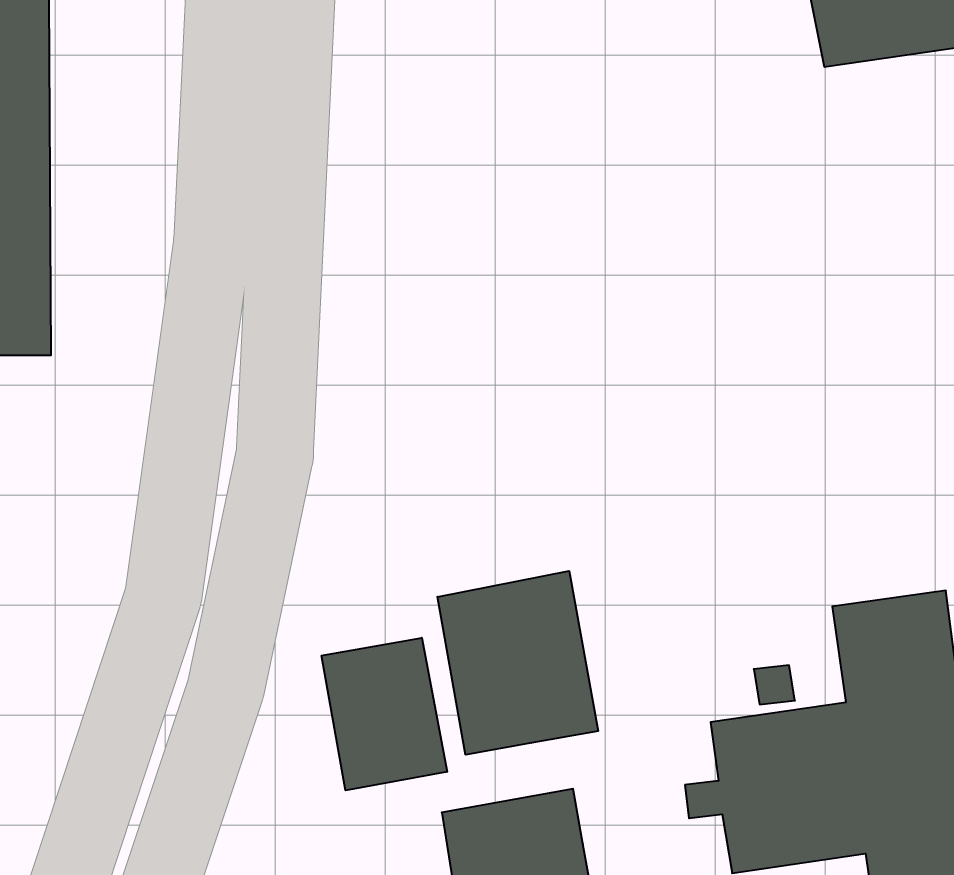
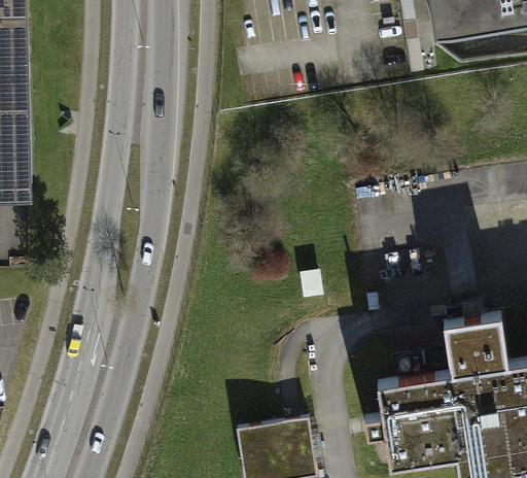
building: [437,571,598,755] -> none
building: [322,638,447,790] -> none

